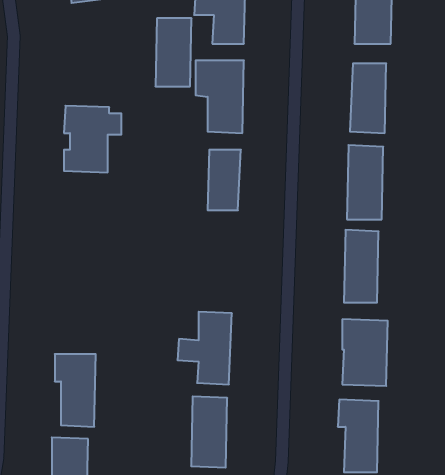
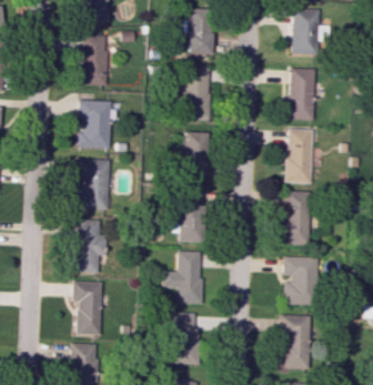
building: [155,18,192,86] -> [82,36,109,85]
building: none -> [77,159,112,210]
building: none -> [177,190,206,243]
building: none -> [74,220,108,273]

